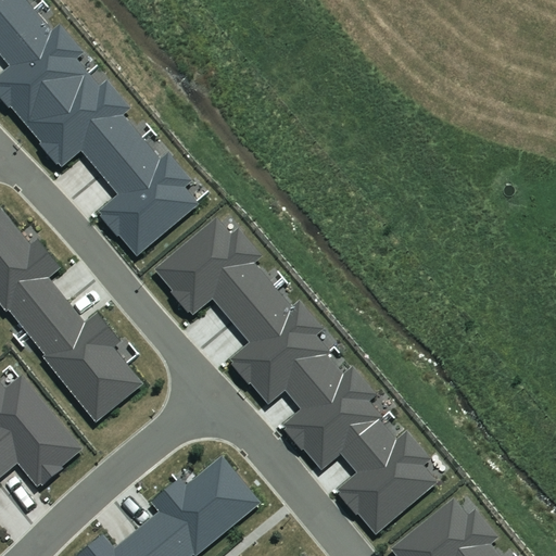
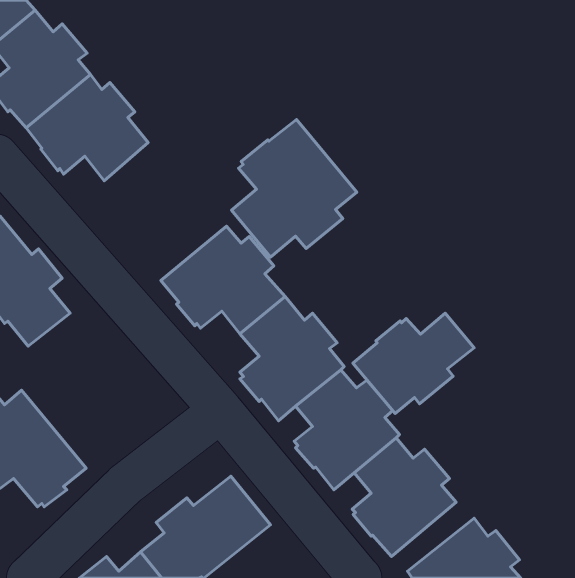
building: none -> [231,119,357,257]
building: [98,137,199,256] -> none
building: none -> [353,313,474,413]
building: [27,301,142,422] -> none

